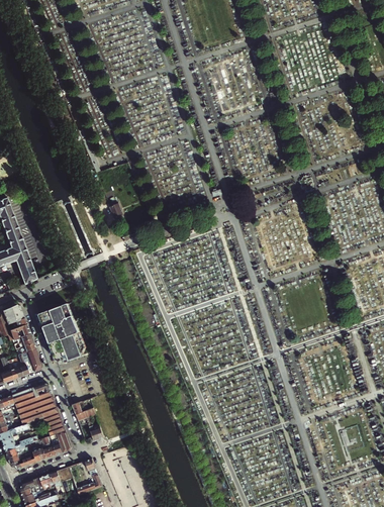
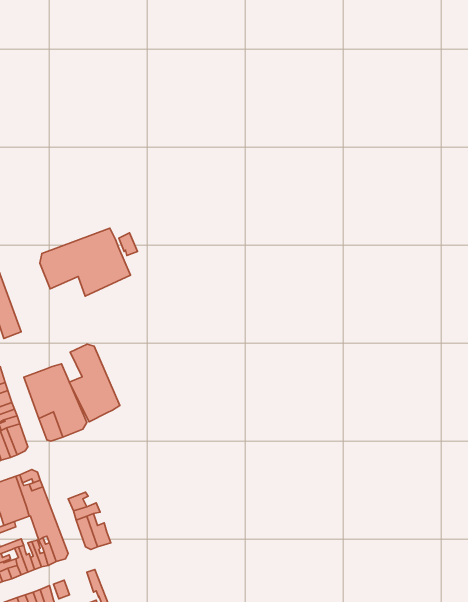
building: none -> [40,228,130,296]
building: none -> [69,344,120,422]

